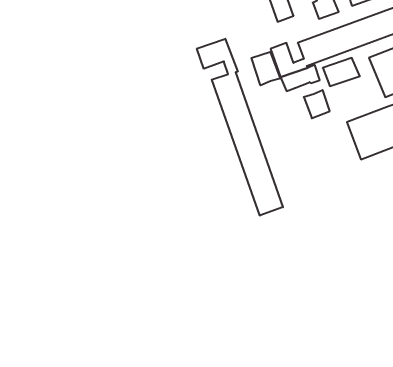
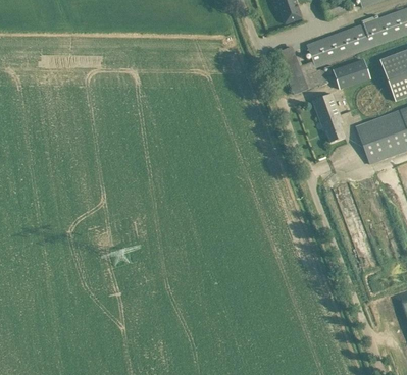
building: [197,39,283,216] -> none
building: [251,52,280,85] -> none
building: none -> [320,114,345,142]

